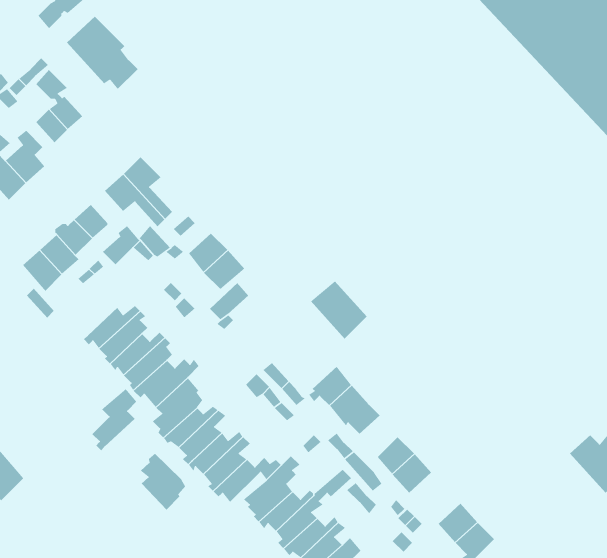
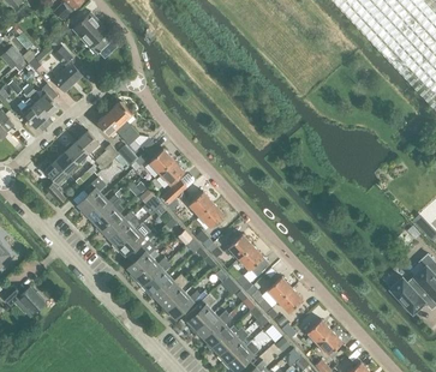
building: [310,280,367,339] -> [187,191,223,228]
building: [92,388,137,451] -> [77,176,106,216]
building: [140,453,186,510] -> none

